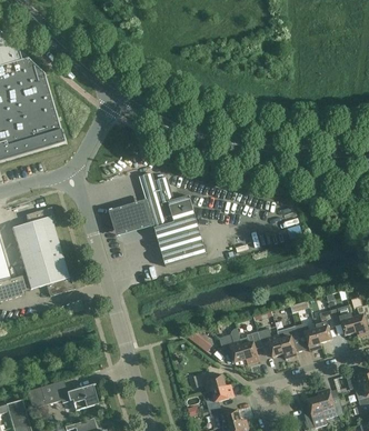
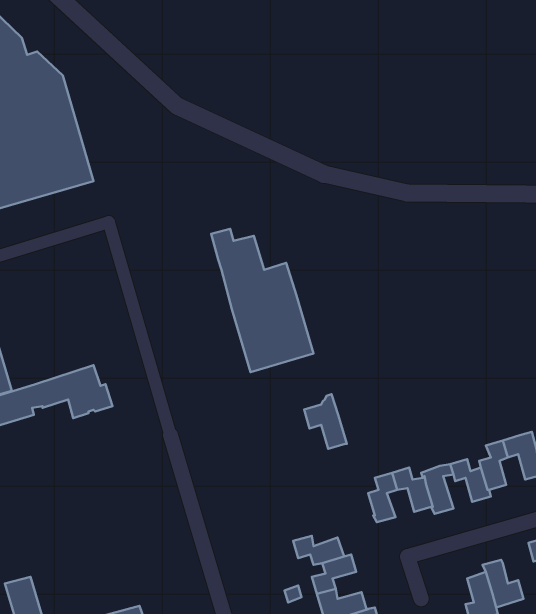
building: [109,199,153,235] -> none
building: [12,207,63,273] -> none
building: [219,327,247,362] -> [304,394,347,449]
building: [27,381,98,410] -> none

